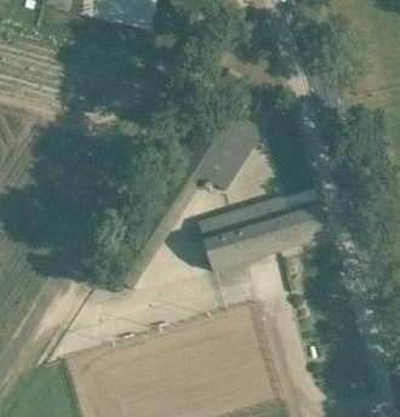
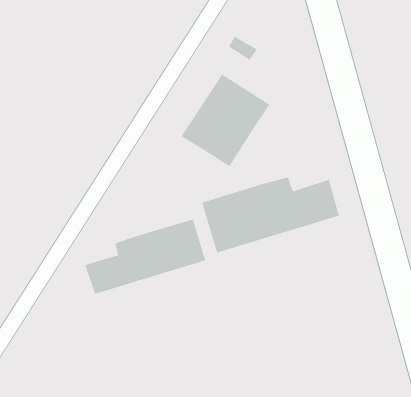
building: none -> [84,218,206,295]

